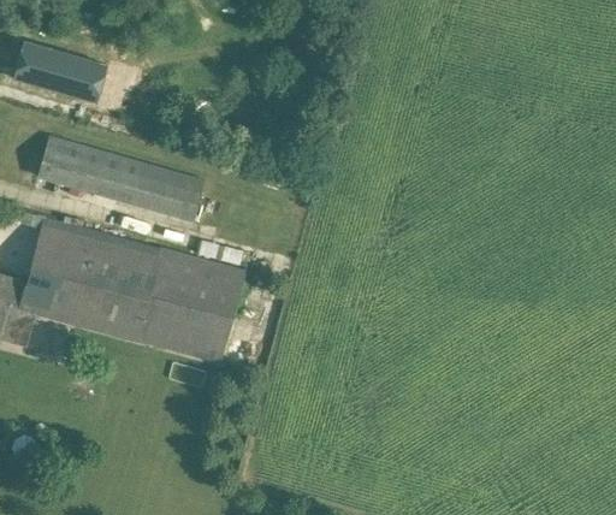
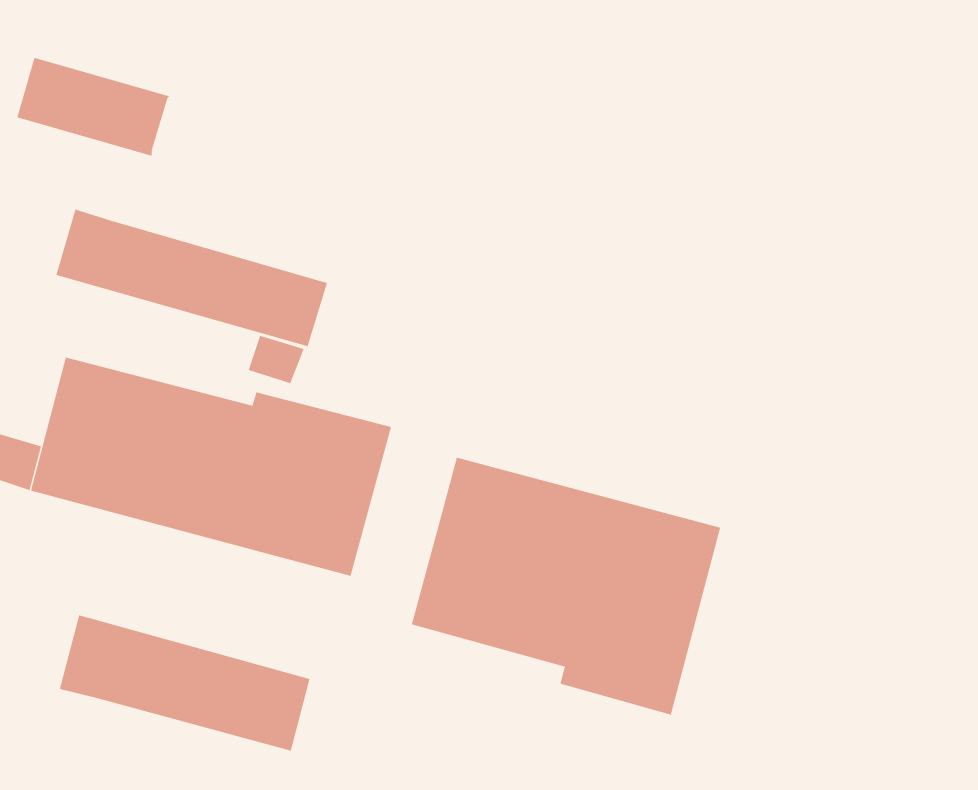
building: none -> [411,457,721,716]
building: none -> [59,615,310,751]

